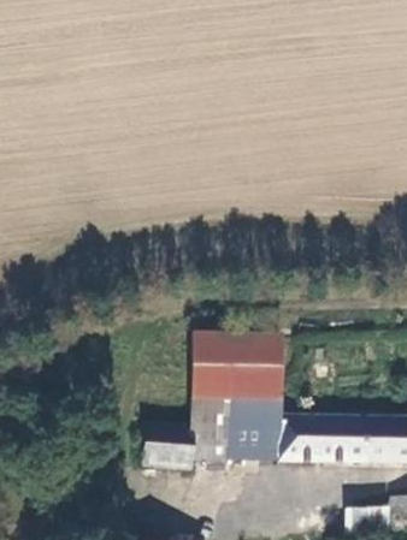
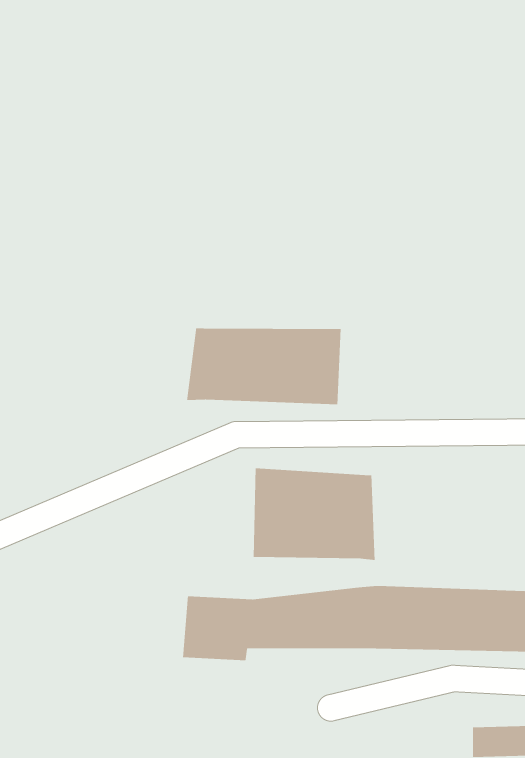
building: none -> [186,327,341,405]
building: [193,394,279,423] -> none

